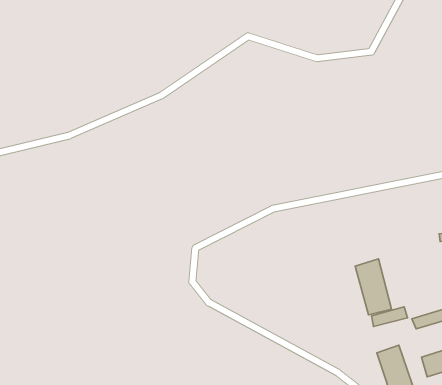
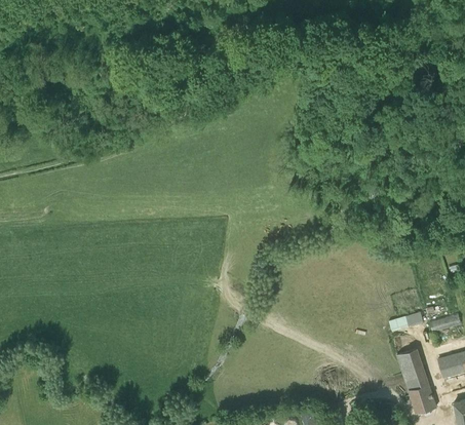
building: [355,259,391,315] -> none

